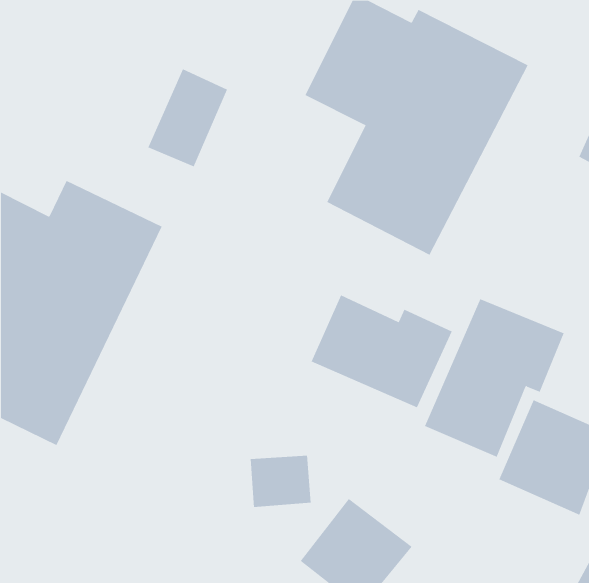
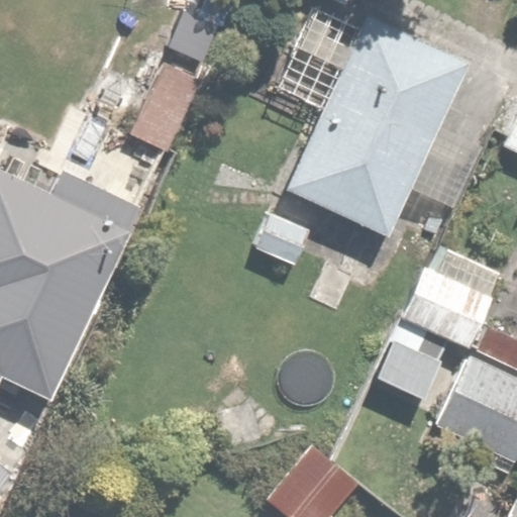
building: [311,295,452,408] -> none

